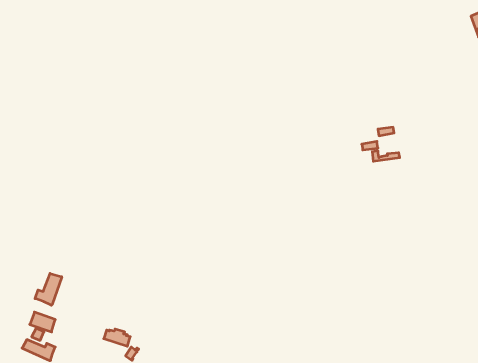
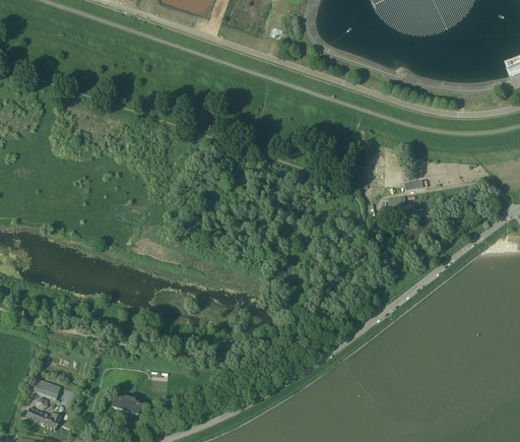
building: [35,273,62,305] -> none

